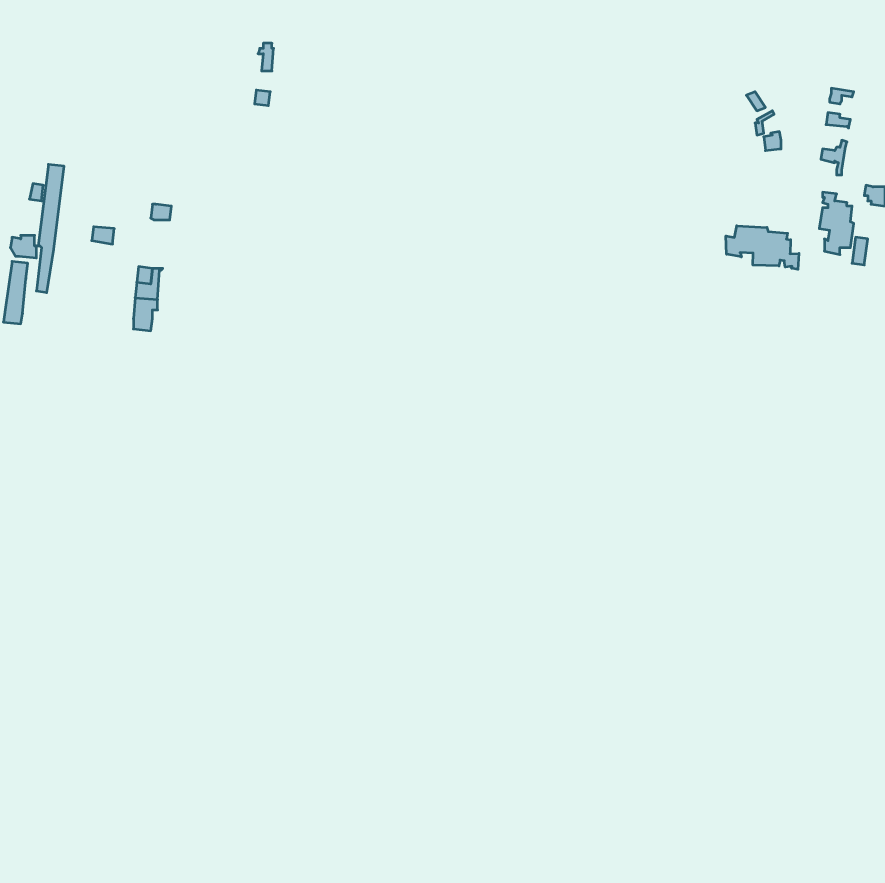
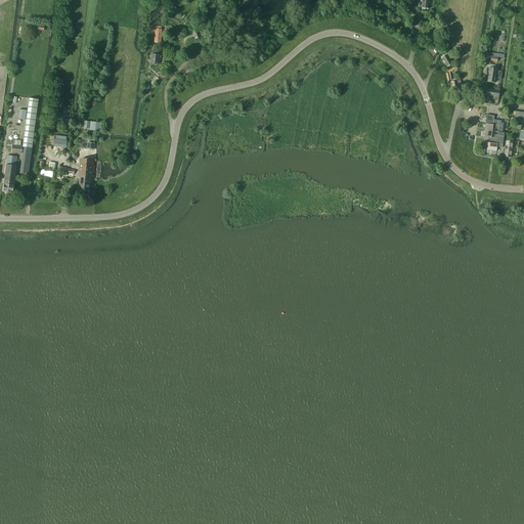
building: [726,226,799,269] -> none

